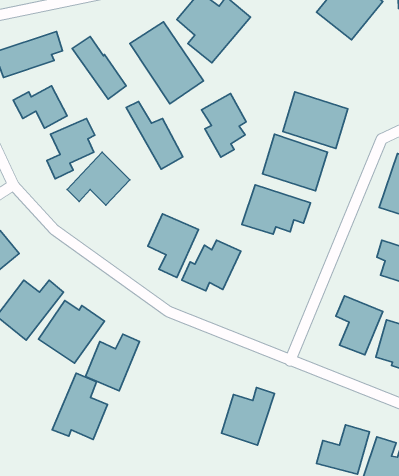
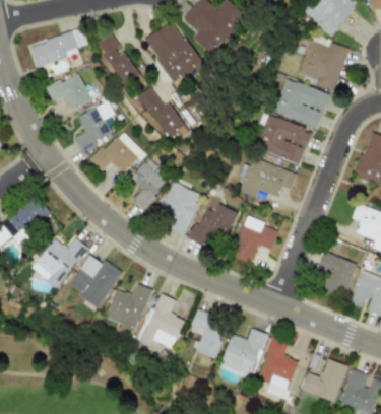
building: none -> [298,40,348,88]
building: [202,93,246,157] -> none
building: none -> [130,158,171,208]
building: none -> [231,215,277,264]
building: none -> [190,310,230,358]
building: [52,373,107,440] -> [138,293,185,349]
building: none -> [257,336,298,390]

